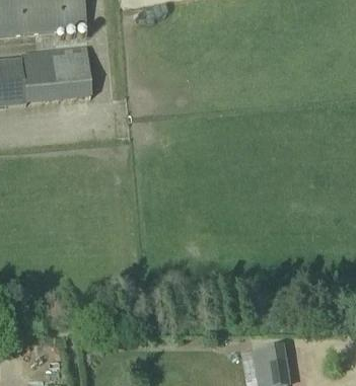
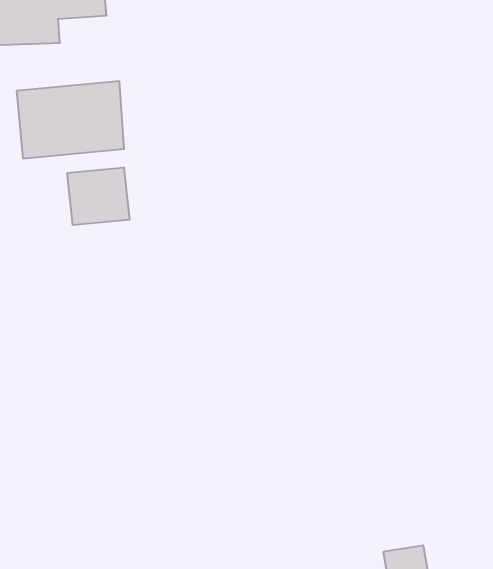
building: none -> [67,167,129,225]

